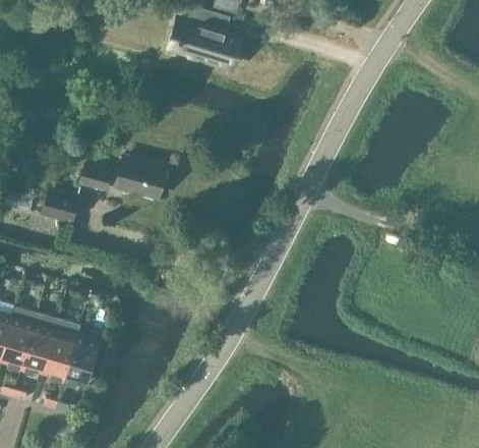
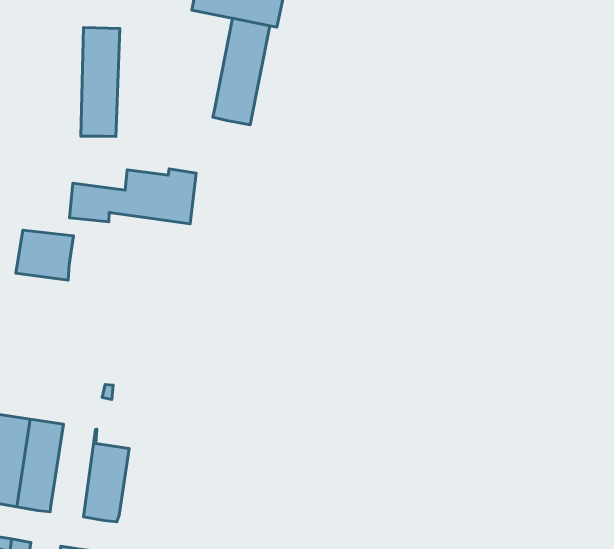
building: none -> [81,27,120,137]
building: none -> [213,18,270,125]
building: [41,318,77,380] -> none

